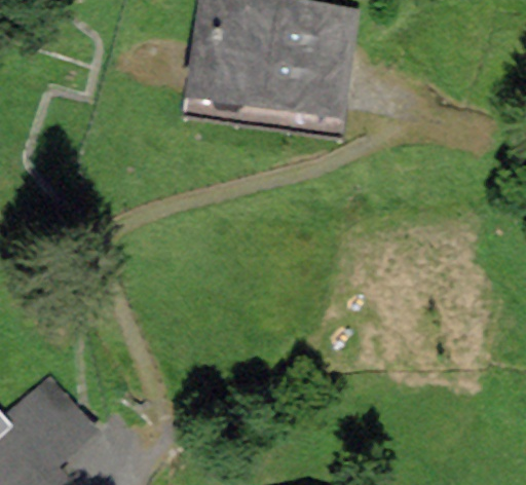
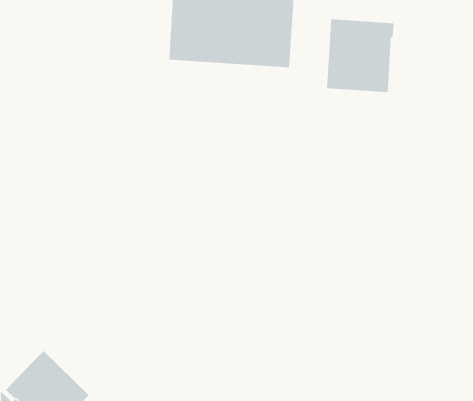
building: none -> [326,19,394,93]

